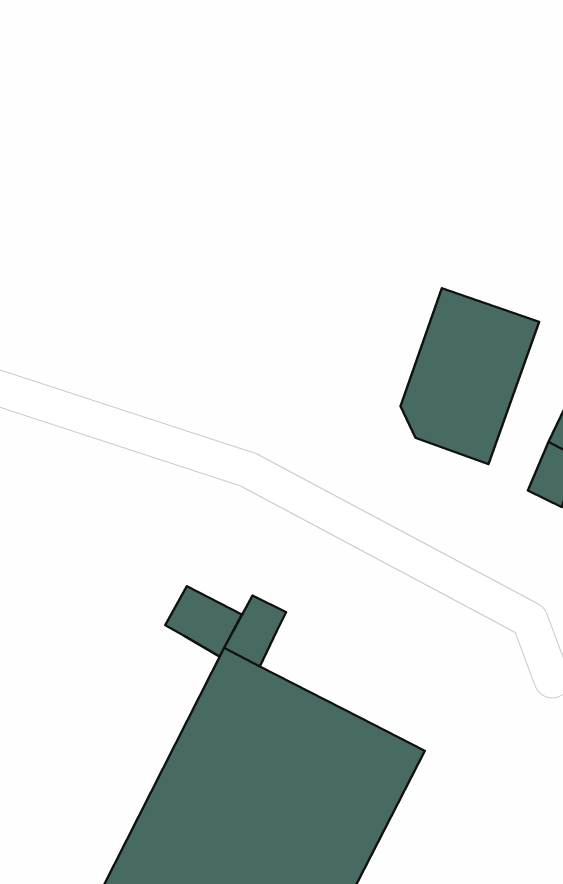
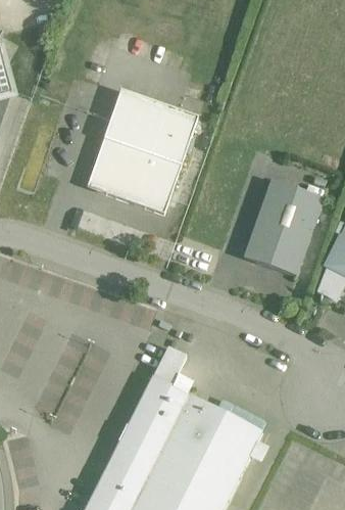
building: none -> [90,91,197,214]
building: [165,586,242,657] -> none

